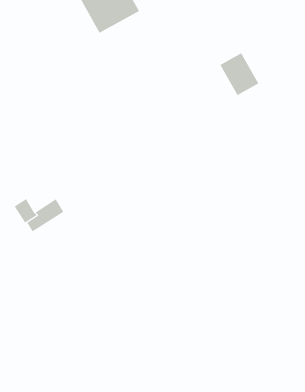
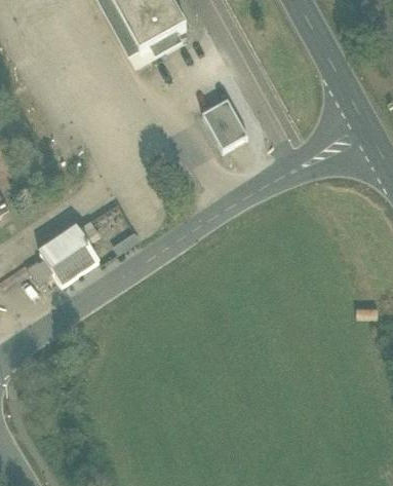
building: [220,53,259,96] -> [202,99,248,149]
building: none -> [55,229,89,260]

